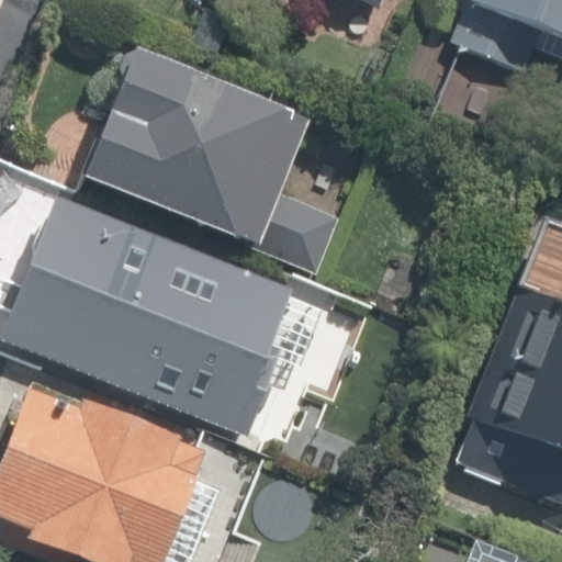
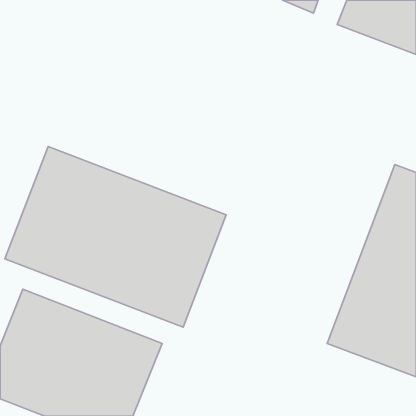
building: [90,49,307,238] -> none

